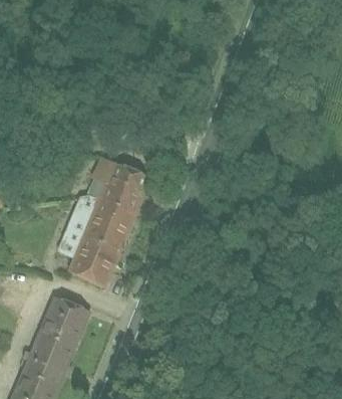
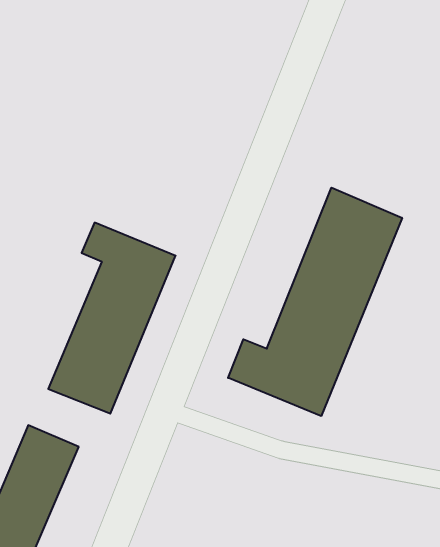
building: none -> [228,188,402,416]

